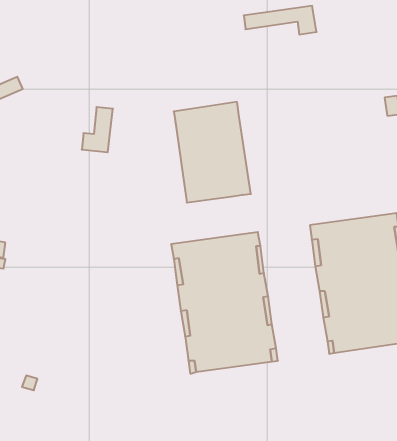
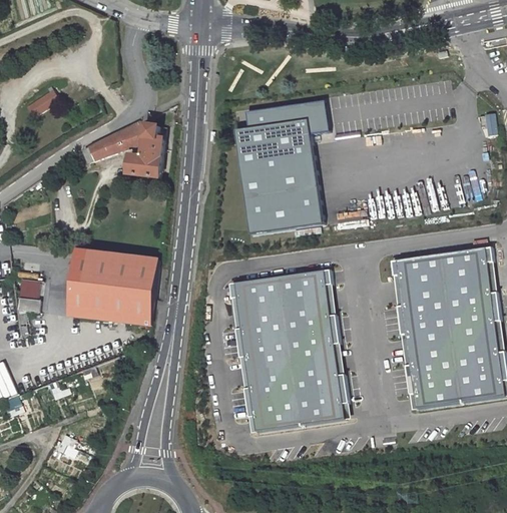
building: [244,6,317,35] -> [243,100,328,133]
building: none -> [80,123,141,163]
building: none -> [68,250,156,325]

